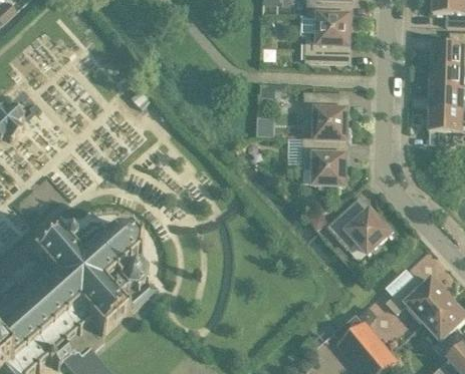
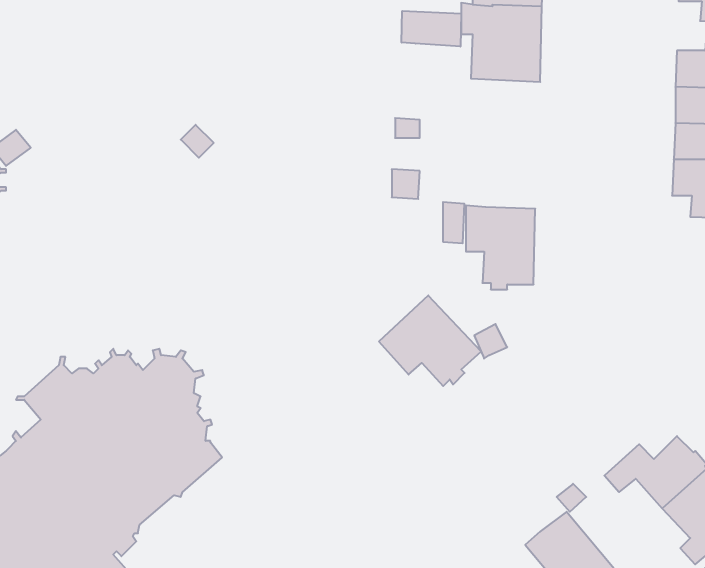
building: none -> [402,11,461,47]
building: [303,91,346,138] -> none
building: [327,198,390,253] -> [379,295,481,386]

